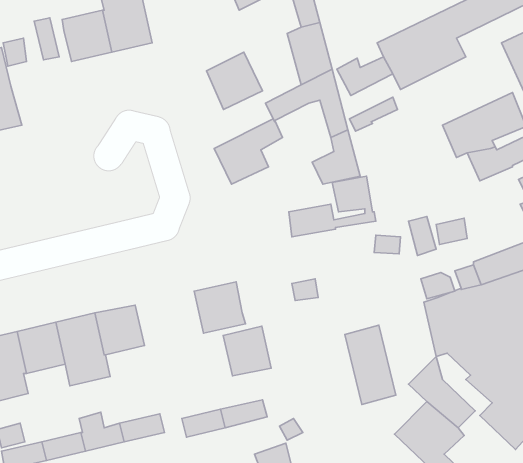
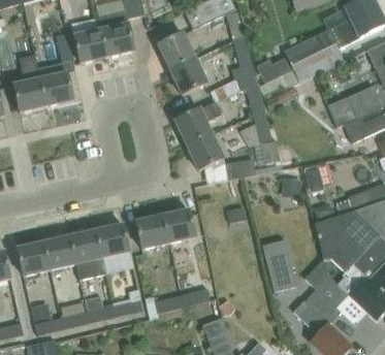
building: none -> [158,33,195,69]
building: none -> [40,73,73,105]
building: none -> [187,133,224,170]
building: [223,326,271,376] -> [136,216,168,249]

